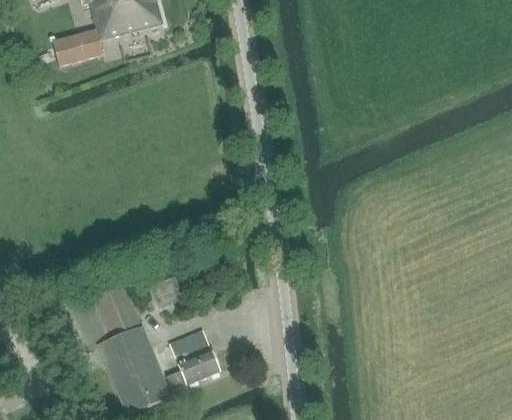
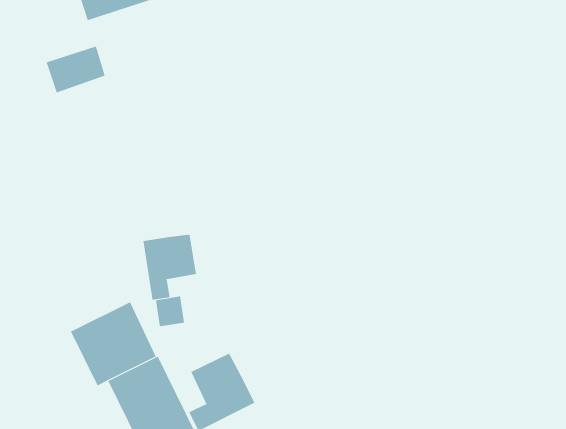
building: [53,29,103,67] -> [46,46,106,93]
building: none -> [143,234,196,301]

